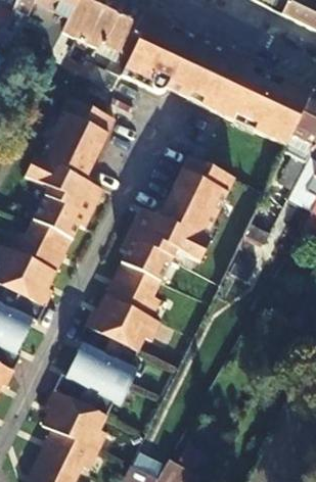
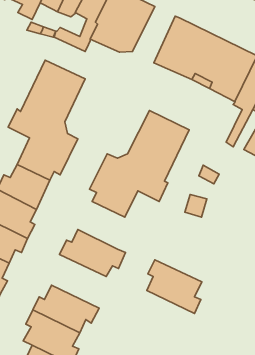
building: [169,38,218,103] -> none
building: [105,263,160,319] -> none
building: [75,325,138,387] -> [147,260,202,314]

